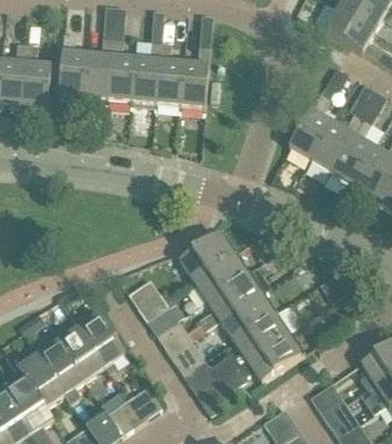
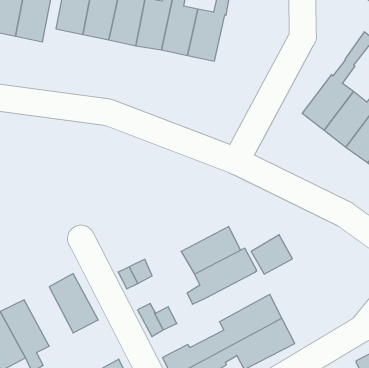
building: [179,232,233,281] -> none
building: [220,292,274,340] -> none
building: [57,326,104,379] -> none

